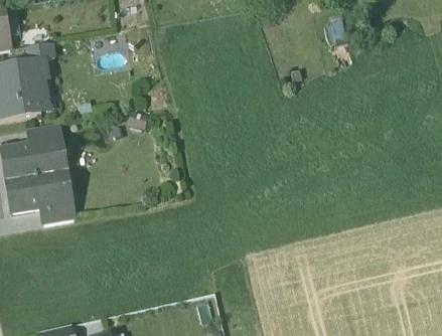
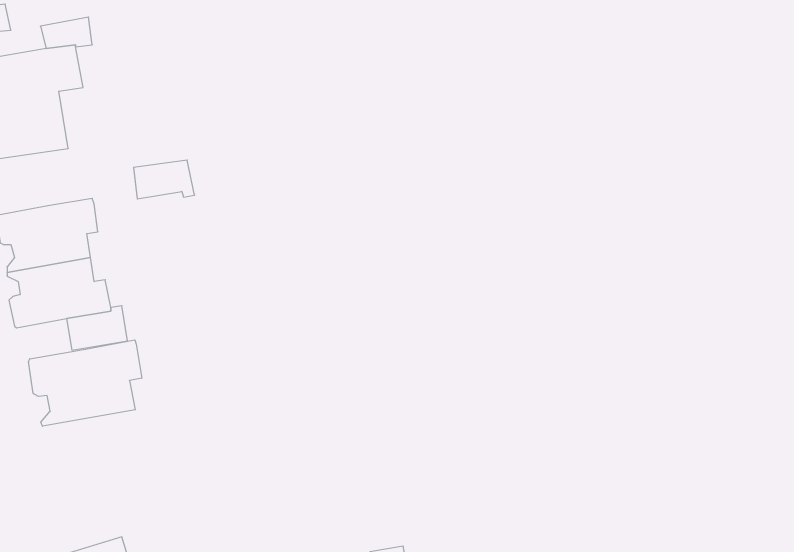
building: [28,123,61,144] -> [134,160,195,199]
building: none -> [29,340,142,426]

